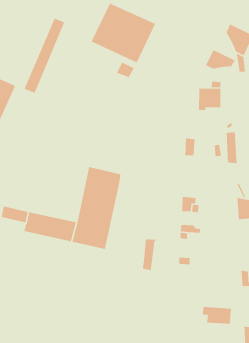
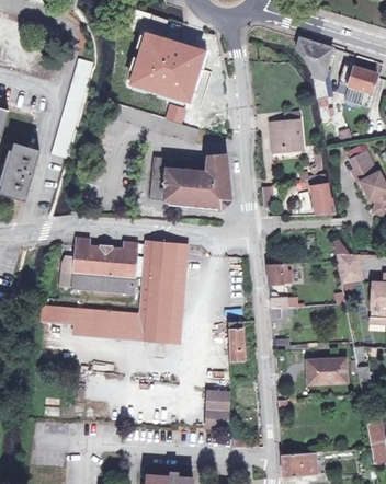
building: [205,49,236,69] -> none
building: none -> [149,153,230,208]
building: none -> [60,238,138,295]
building: none -> [206,392,229,430]
building: [202,306,232,324] -> [307,358,345,381]

